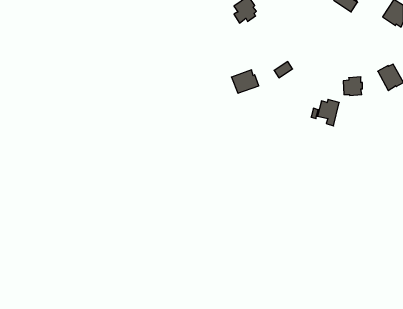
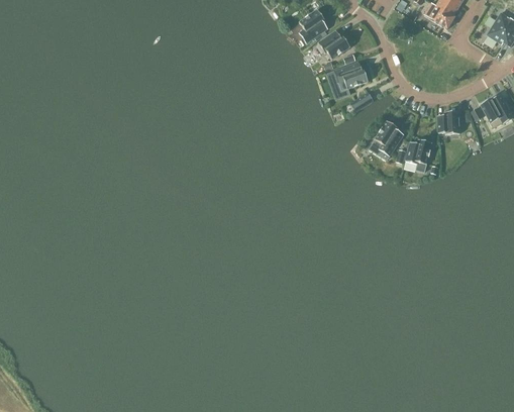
building: none -> [318,30,350,60]
building: [231,70,259,93] -> [334,62,369,91]
building: none -> [369,121,404,157]

